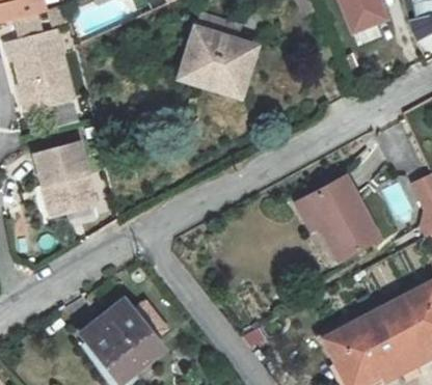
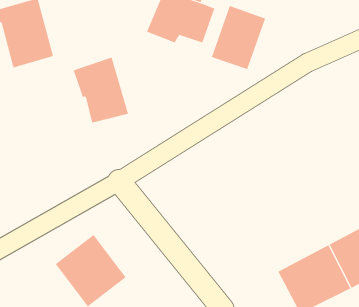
building: none -> [211,5,266,70]
building: [33,143,96,217] -> [73,57,129,123]
building: [295,176,377,260] -> none

